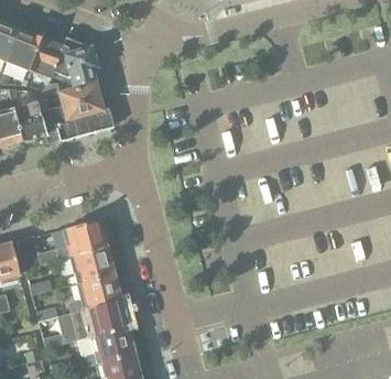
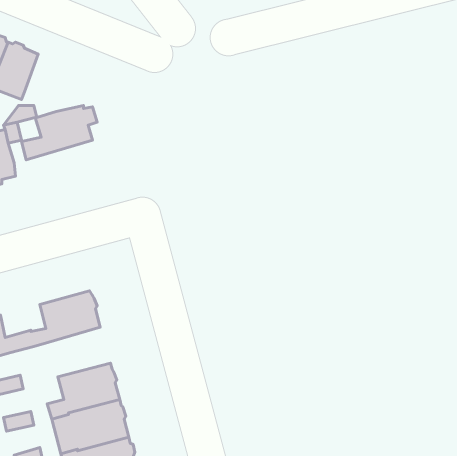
building: [53,36,99,87] -> none
building: [45,106,115,142] -> none
building: [70,245,116,281] -> none

